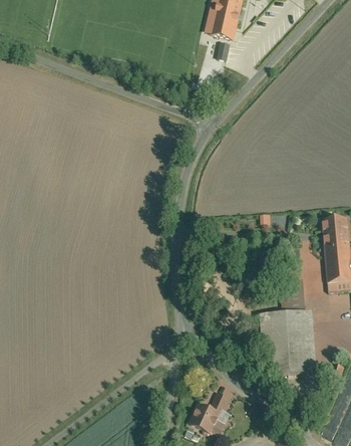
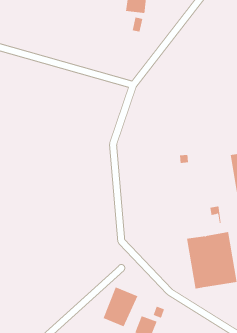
building: none -> [103,286,138,327]

